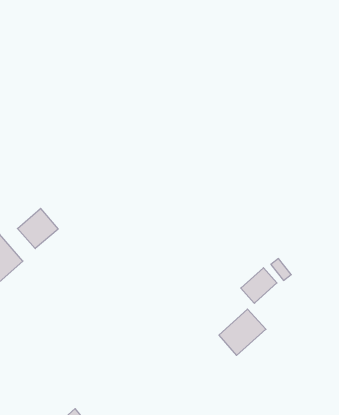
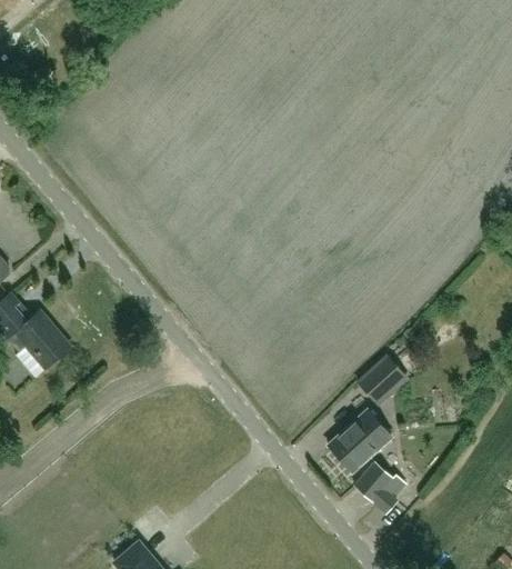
building: [17,208,58,249] -> none
building: none -> [354,462,404,513]

